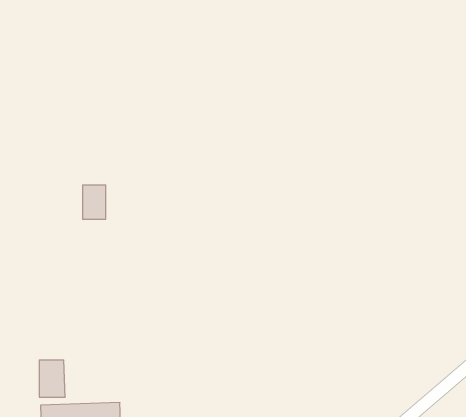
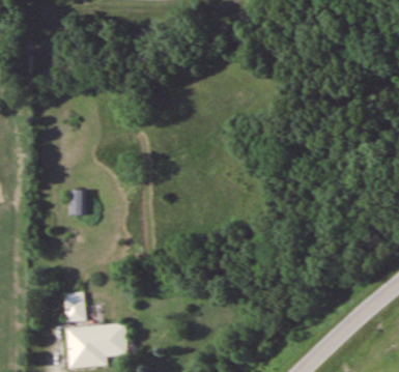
building: [83,185,106,219] -> [68,189,86,214]

